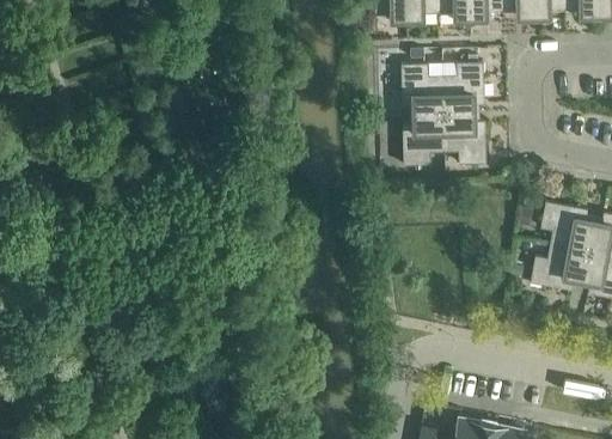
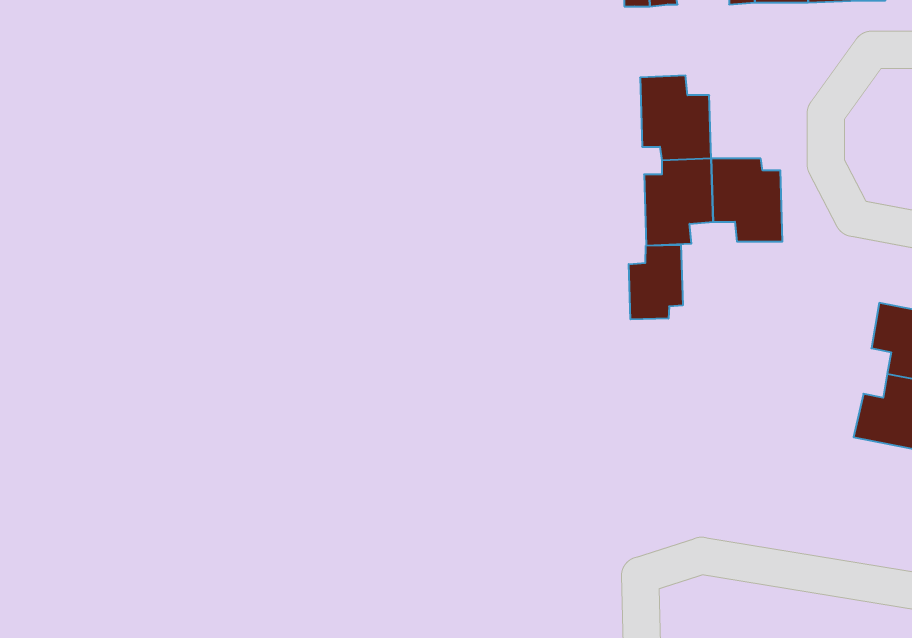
building: [442,61,484,112] -> none
building: none -> [629,245,683,319]

